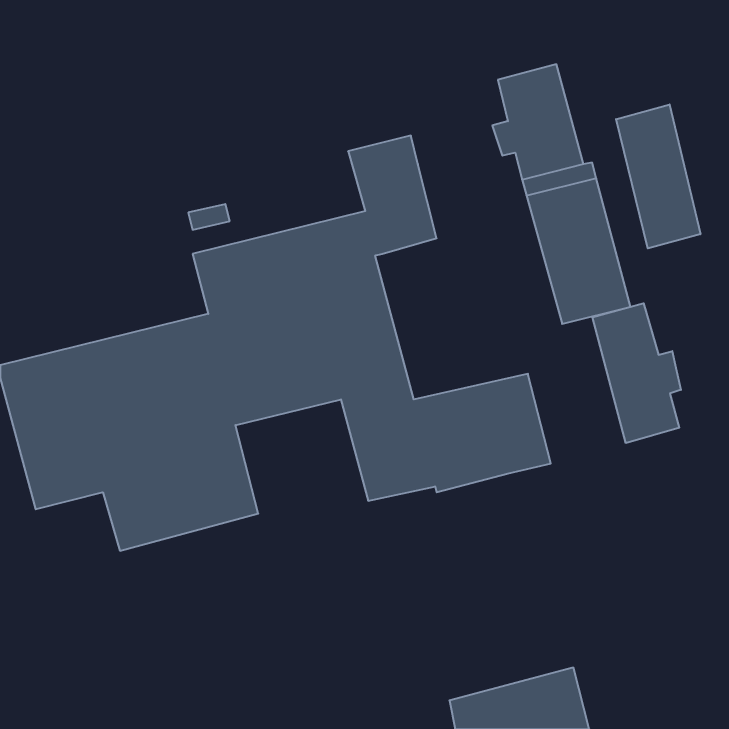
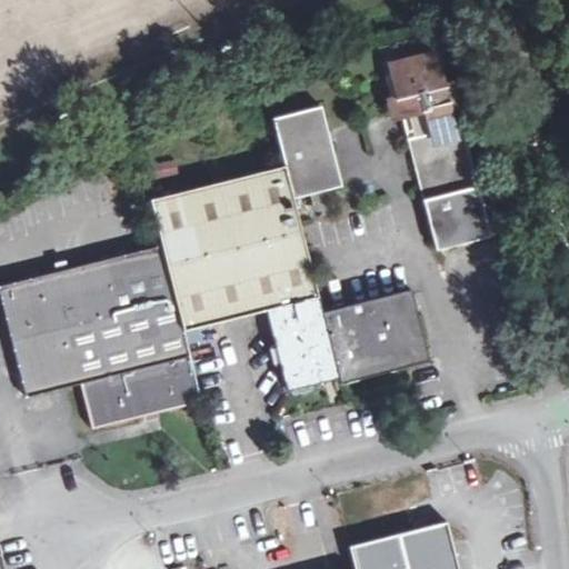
building: [616,104,700,248] -> none
building: [592,303,681,443] -> none

